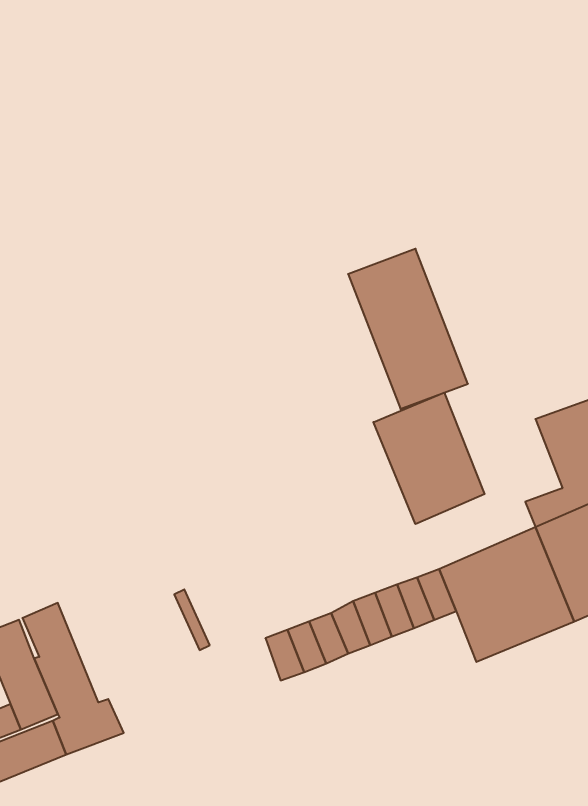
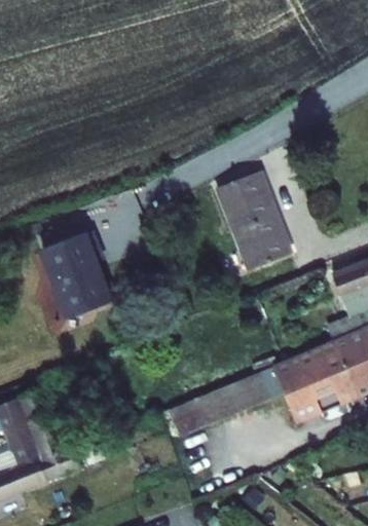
building: none -> [44,232,110,321]
building: [373,393,485,524] -> none

